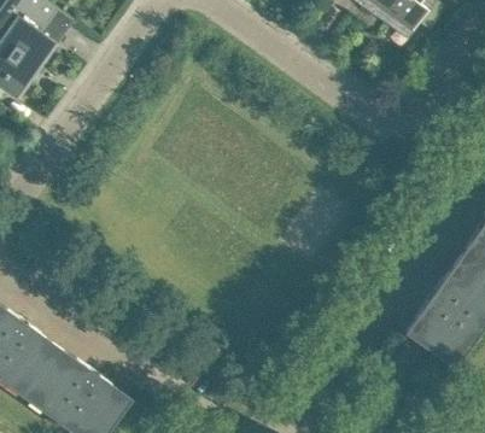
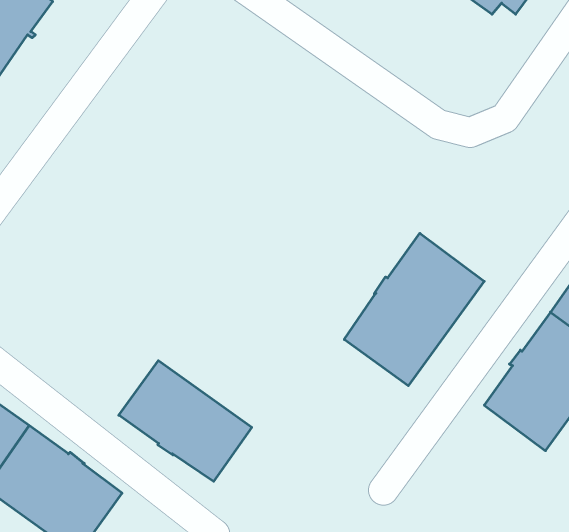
building: none -> [344,233,484,386]
building: none -> [119,361,252,481]

